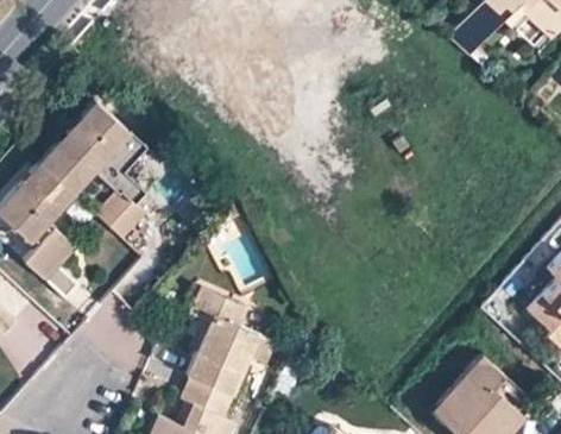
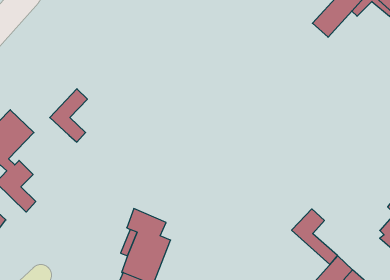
building: [38,98,128,188] -> none
building: [95,191,144,240] -> none
building: none -> [292,209,337,265]

